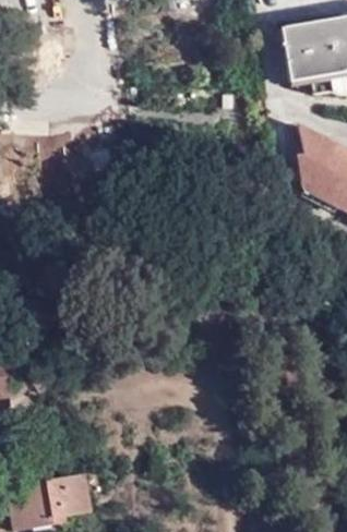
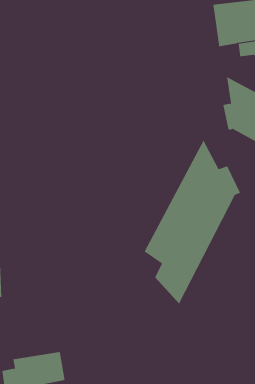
building: none -> [144,139,241,304]

